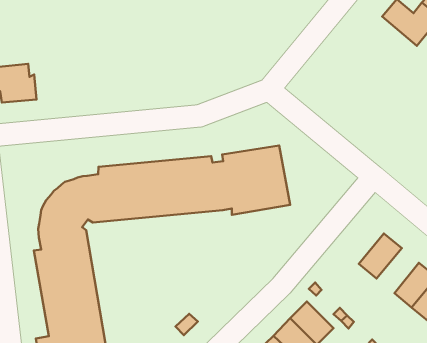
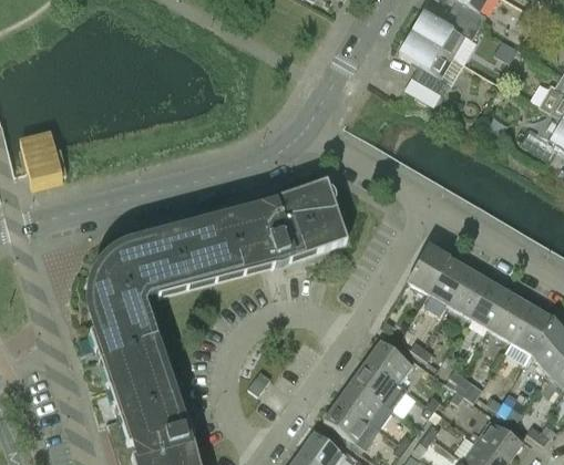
building: none -> [400,31,453,93]
building: none -> [408,244,450,291]
building: none -> [450,268,491,316]

